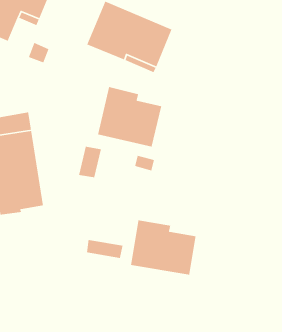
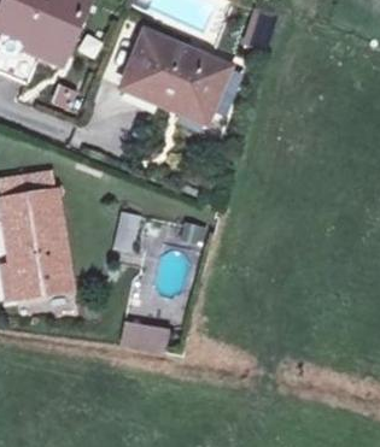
building: [97,86,162,148] -> none
building: [130,219,197,275] -> none

